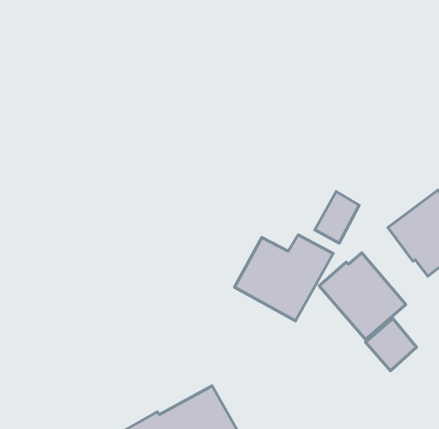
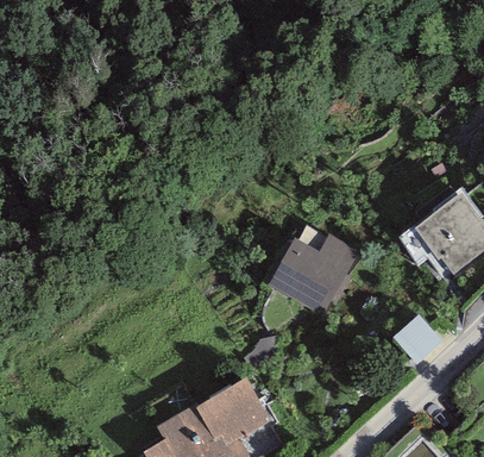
building: [315,191,359,243] -> none
building: [319,253,406,339] -> none

